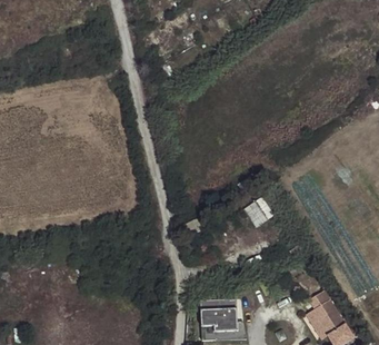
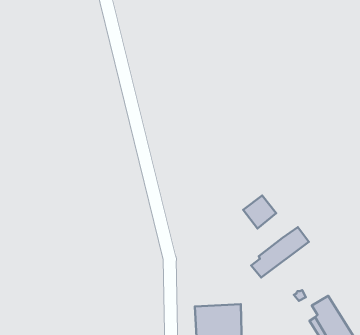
building: none -> [251,227,309,277]

